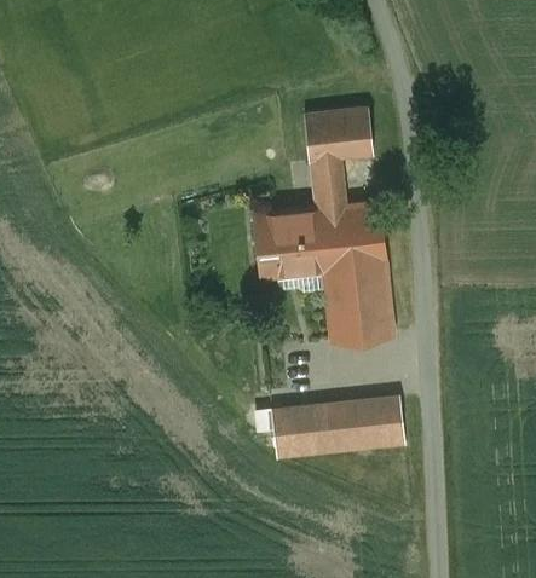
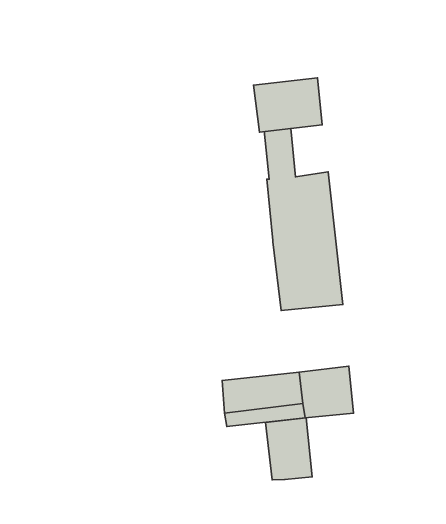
building: [255,209,323,276] -> none
building: none -> [265,418,312,480]

